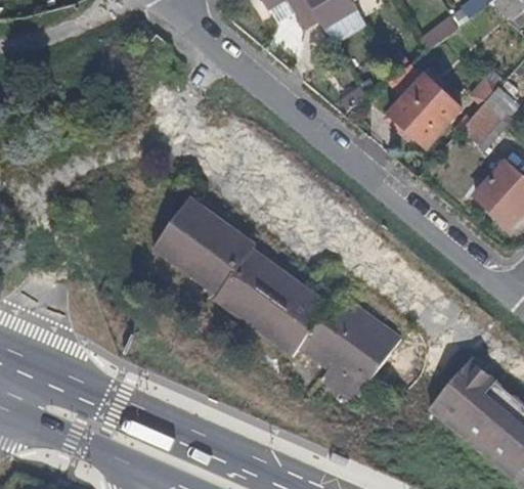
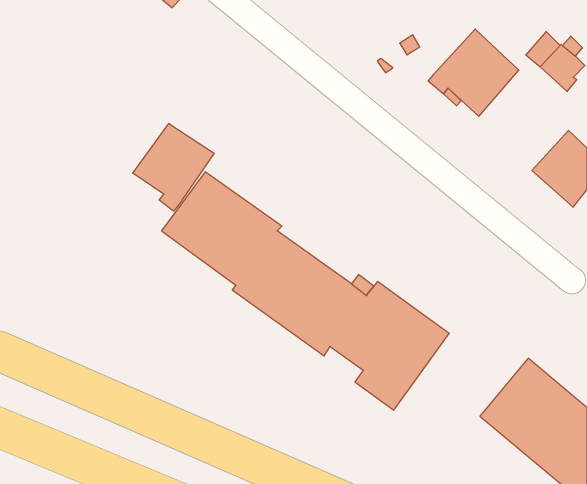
building: [461,105,505,149] -> none
building: none -> [133,123,214,211]

